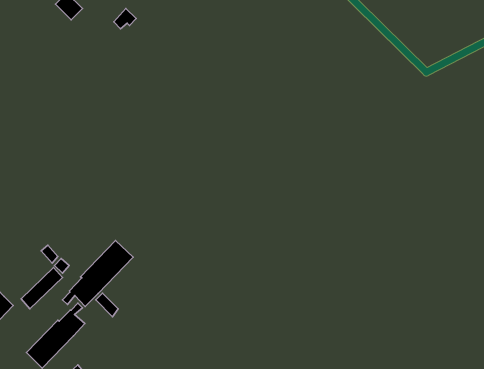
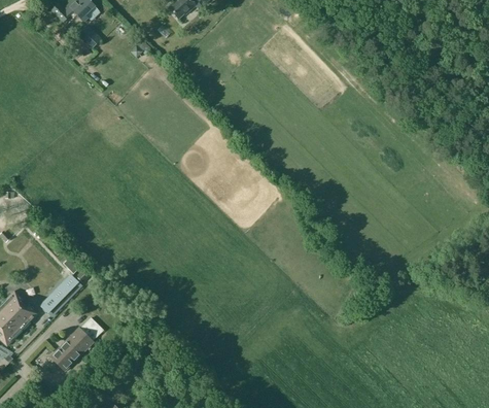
building: [62,241,133,306] -> none

